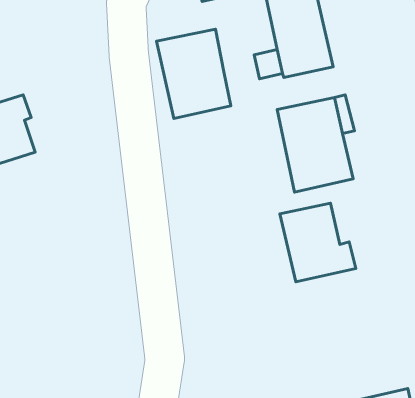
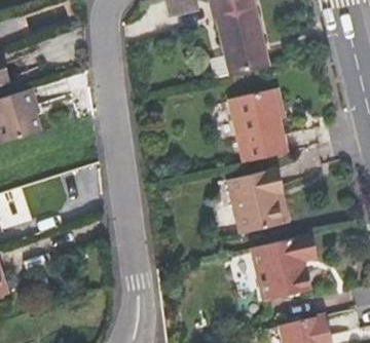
building: [157,29,231,119] -> none
building: none -> [253,233,316,300]

